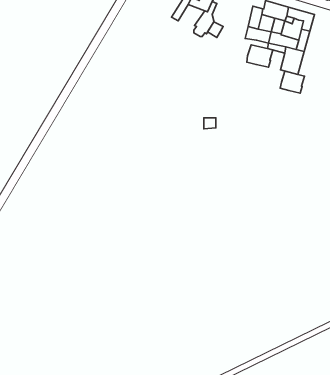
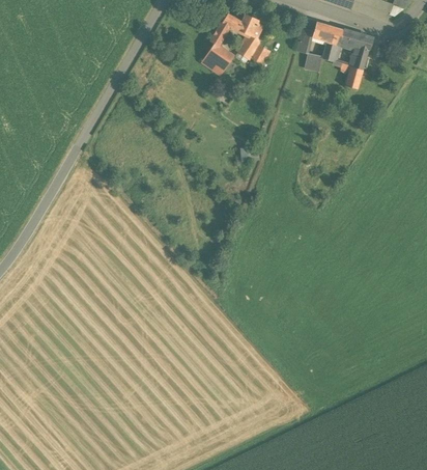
building: none -> [202,42,234,74]
building: [247,45,273,67] -> none
building: [280,71,304,93] -> none

